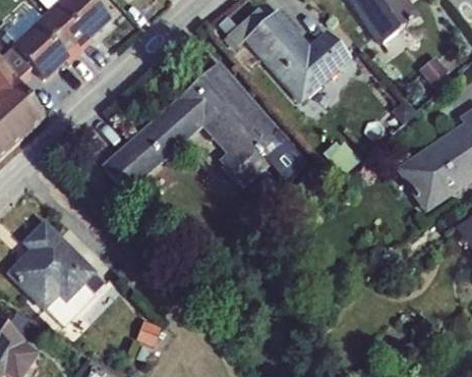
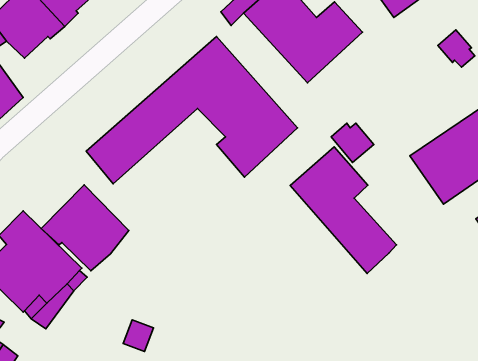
building: none -> [290,147,396,273]
building: none -> [41,185,129,271]

